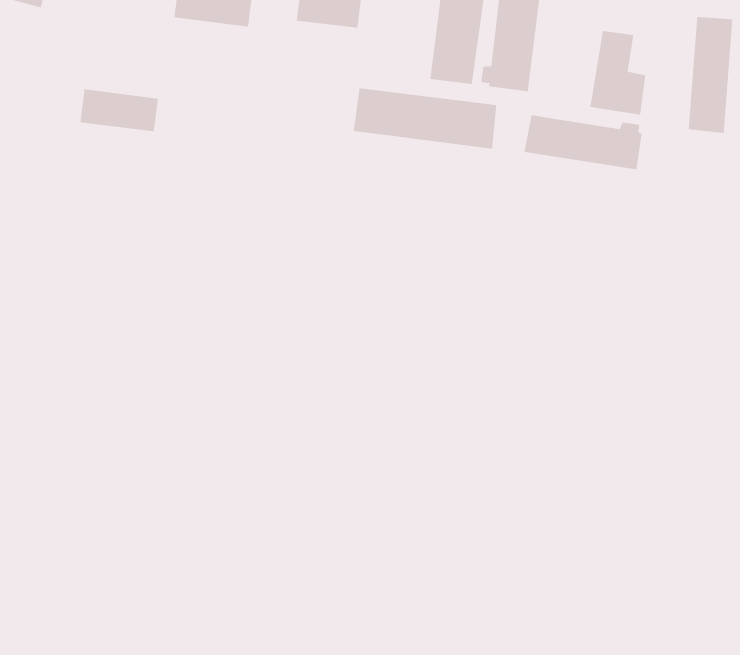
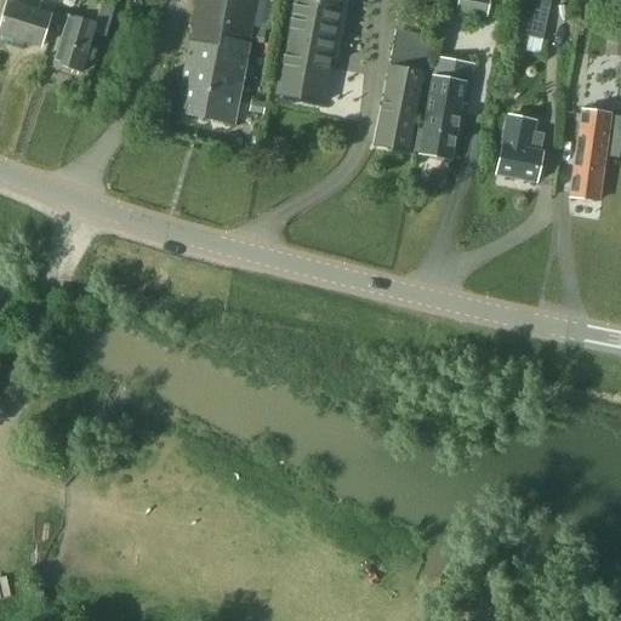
building: [353,87,497,149] -> none
building: [80,89,159,132] -> [178,84,240,120]
building: [524,114,642,170] -> none

